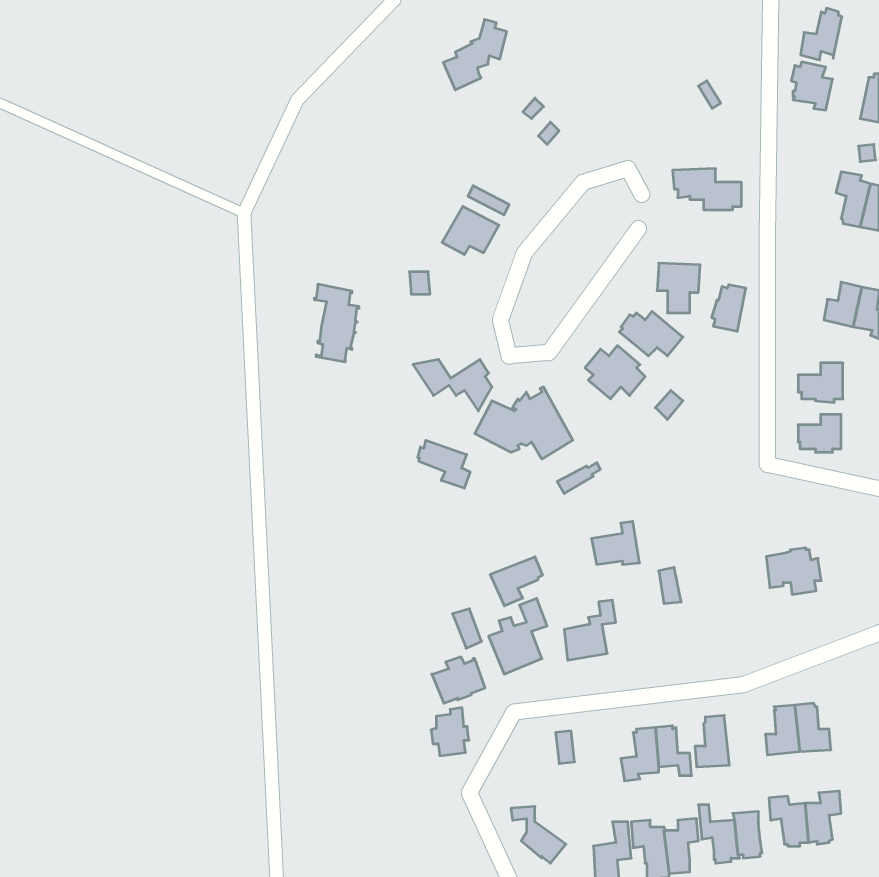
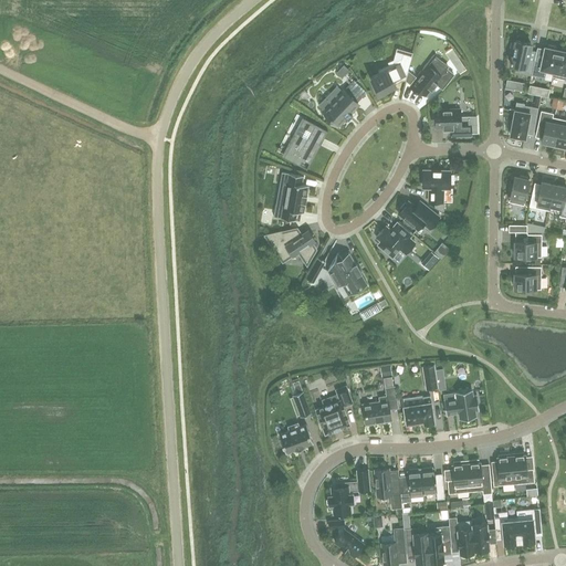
building: [801,8,842,60] -> [532,45,558,78]
building: [443,19,507,90] -> [370,50,411,95]
building: none -> [410,54,453,96]
building: none -> [318,87,358,126]
building: none -> [510,105,538,138]
building: [314,284,359,362] -> [280,172,308,222]
building: [712,285,746,331] -> [507,176,530,206]
building: [418,440,470,488] -> none
building: [591,521,640,564] -> [403,396,434,423]
building: [766,548,821,594] -> [443,389,479,419]
building: [490,557,542,606] -> none
building: [431,708,469,756] -> [328,483,353,514]
building: none -> [465,460,492,495]
building: none -> [375,469,401,510]

